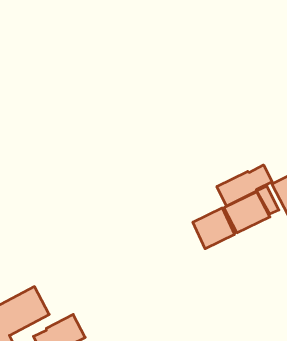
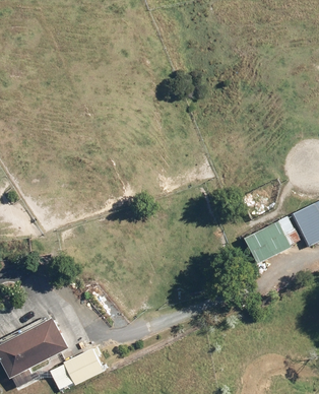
building: [217,165,272,206] -> none
building: [193,208,234,249] -> none

